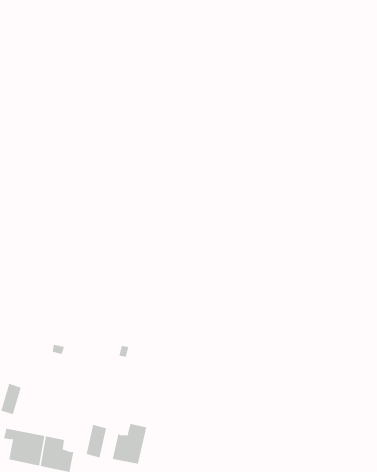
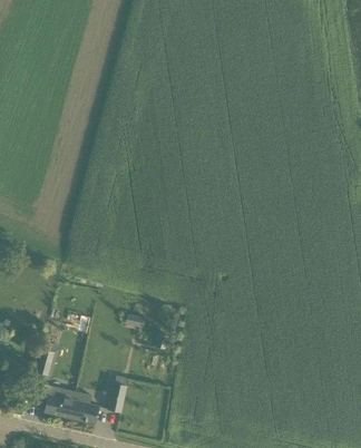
building: [112,423,147,464] -> none

